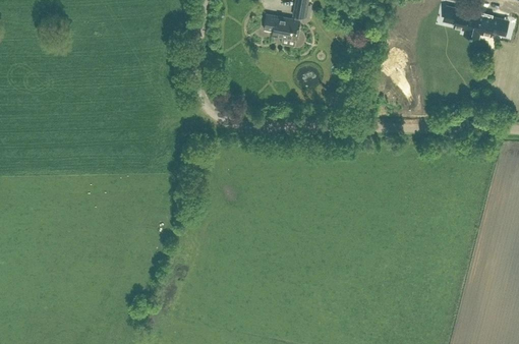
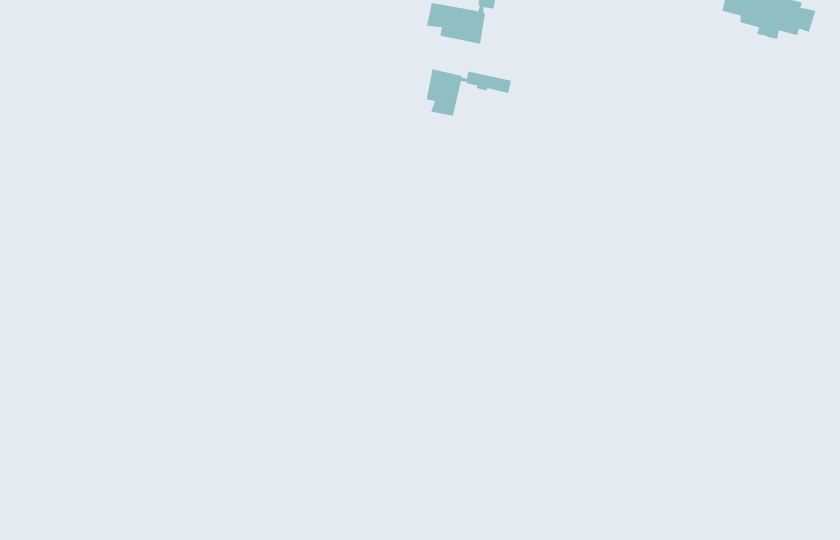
building: none -> [426,68,511,116]

